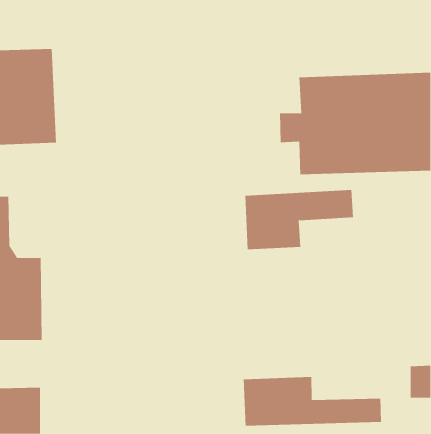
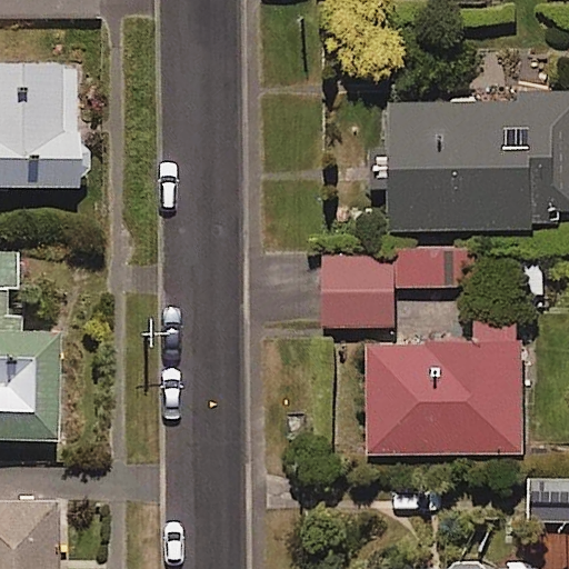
building: none -> [367,340,525,456]
building: [243,376,382,427] -> none

